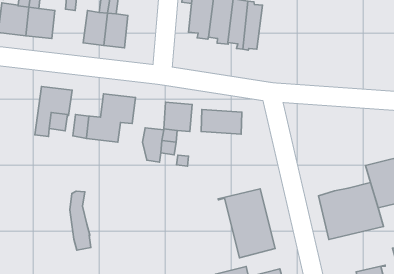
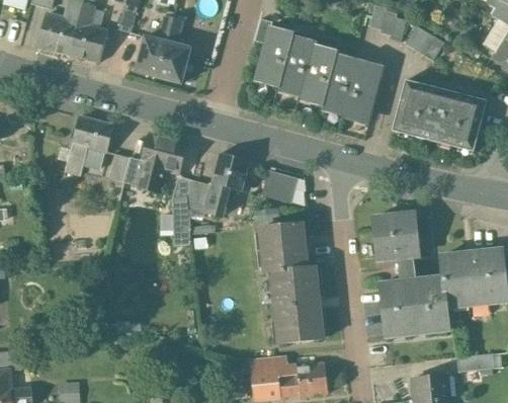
building: none -> [332,57,382,122]
building: none -> [392,80,487,152]
building: none -> [372,213,419,281]
building: none -> [260,223,315,272]
building: [70,191,91,250] -> [172,177,192,245]

